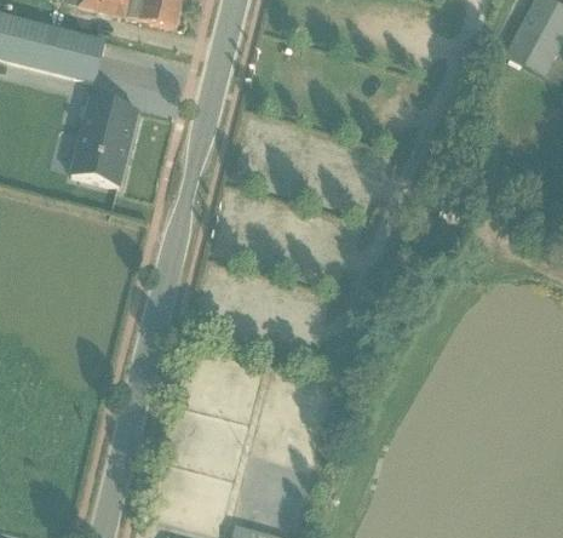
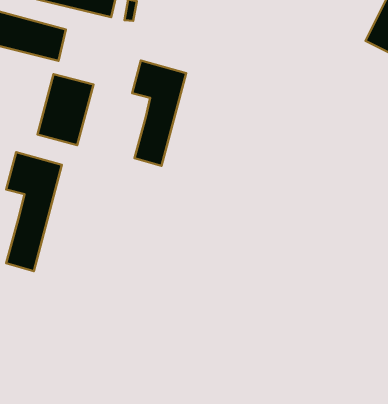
building: none -> [132,61,186,166]
building: none -> [6,152,62,271]

